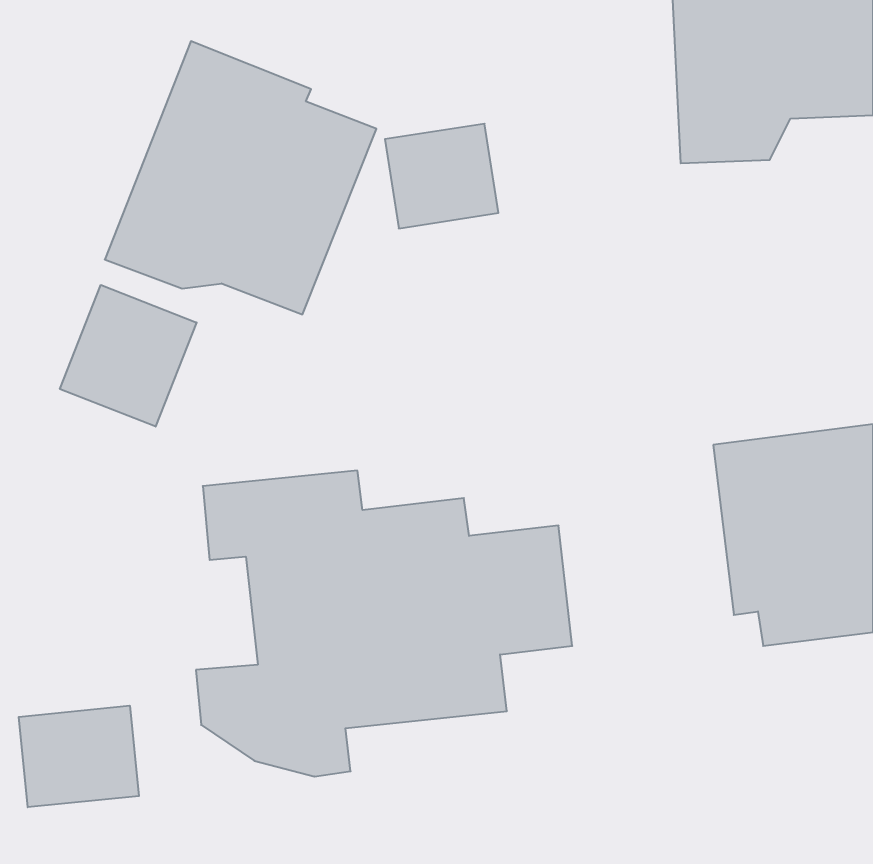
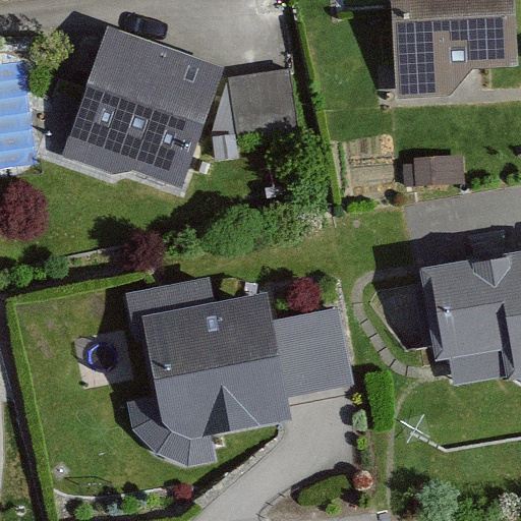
building: [60,285,197,427] -> none
building: [19,706,139,807] -> none

